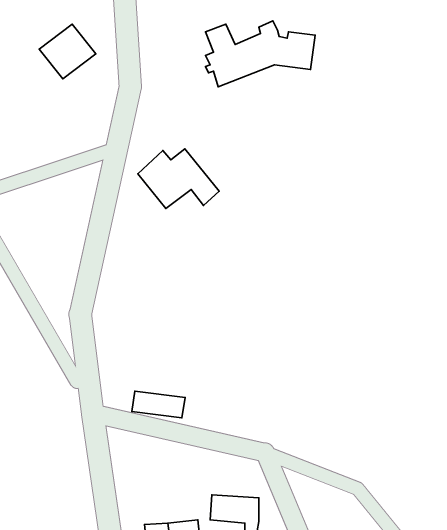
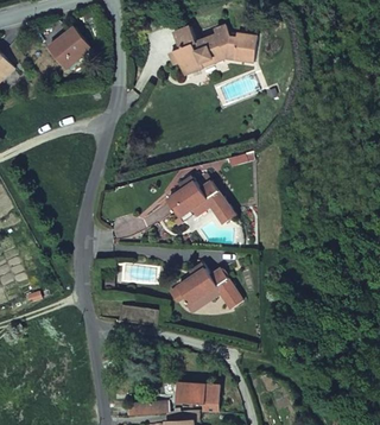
building: [138,149,219,208] -> [172,176,234,221]
building: none -> [178,266,243,306]

